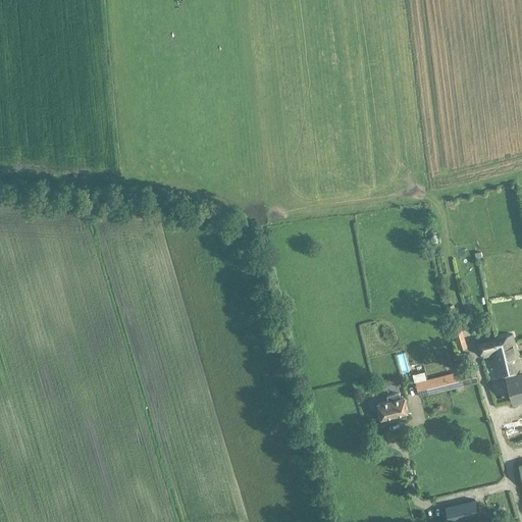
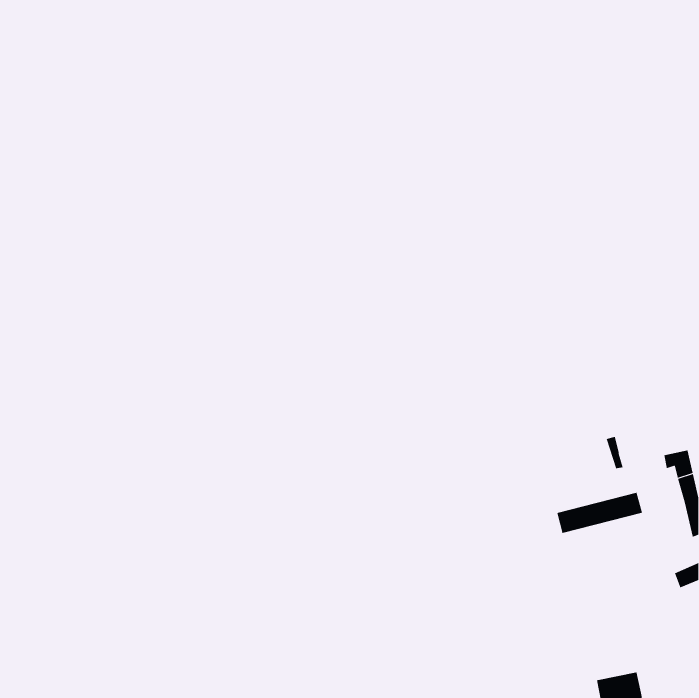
building: [477,341,509,378] -> none
building: [376,396,406,421] -> none

